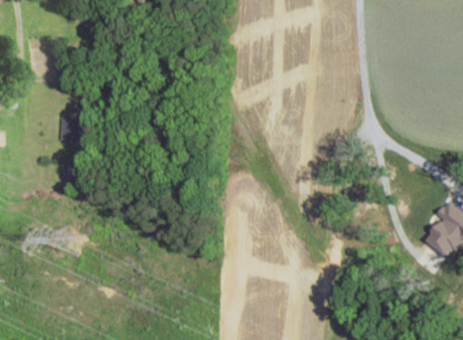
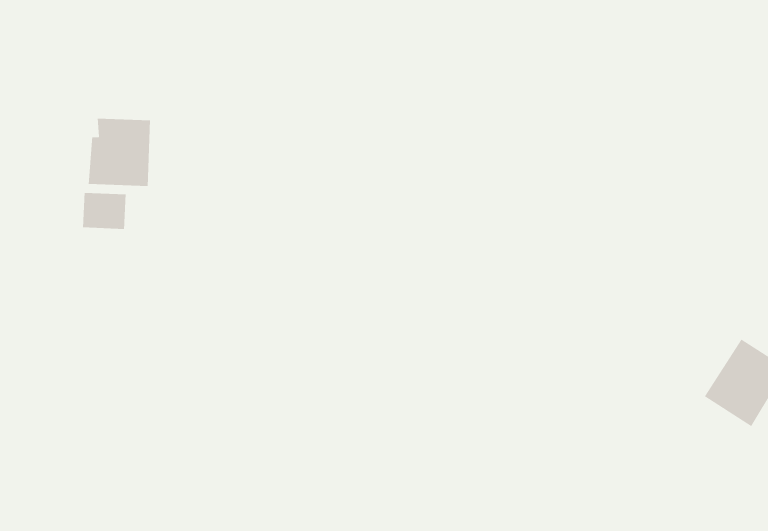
building: none -> [88,118,151,187]

